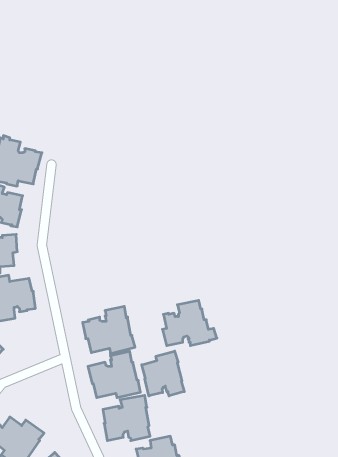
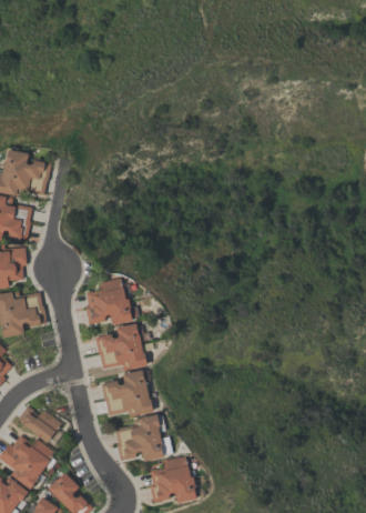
building: [162,300,217,346] -> [84,278,141,324]
building: [142,351,184,396] -> none
building: none -> [17,406,61,446]

